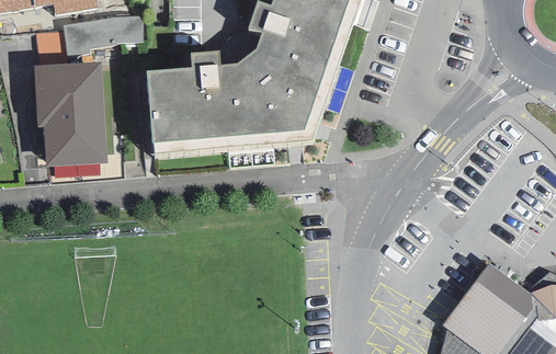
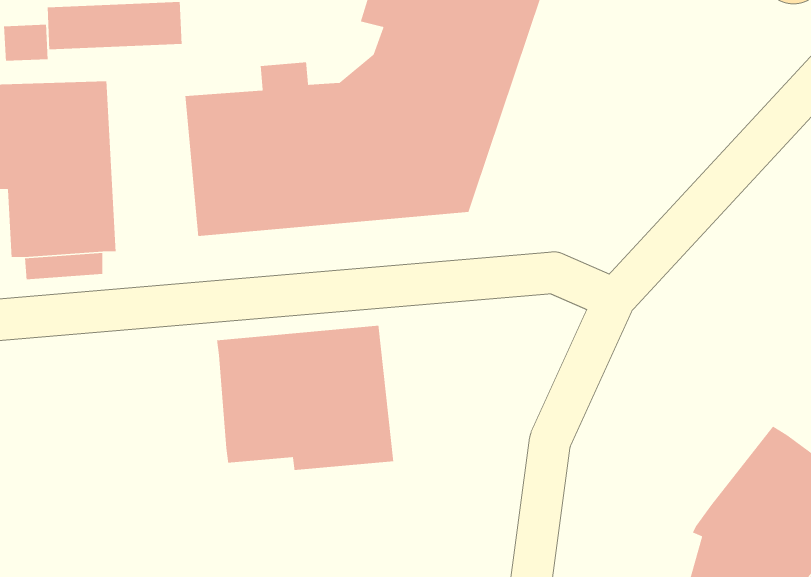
building: none -> [216,325,394,471]

